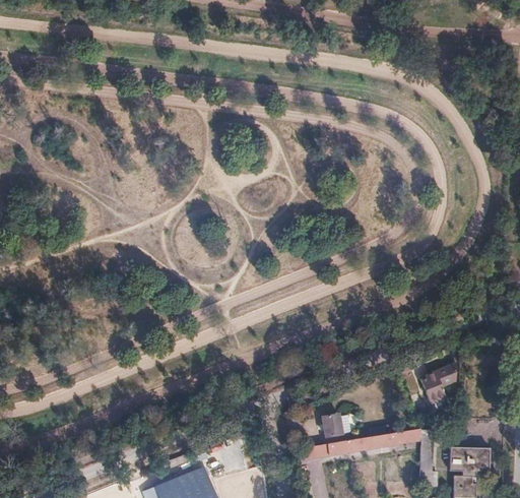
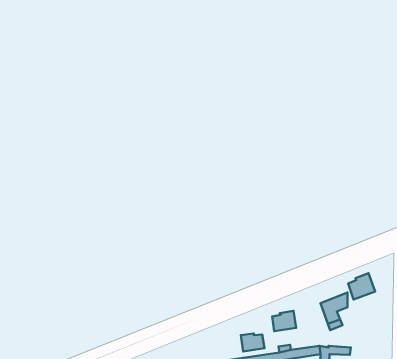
building: none -> [348,273,375,299]
building: none -> [272,311,296,331]

